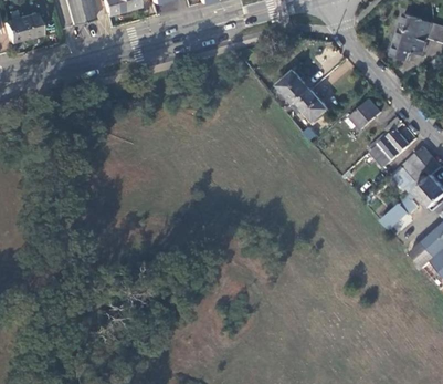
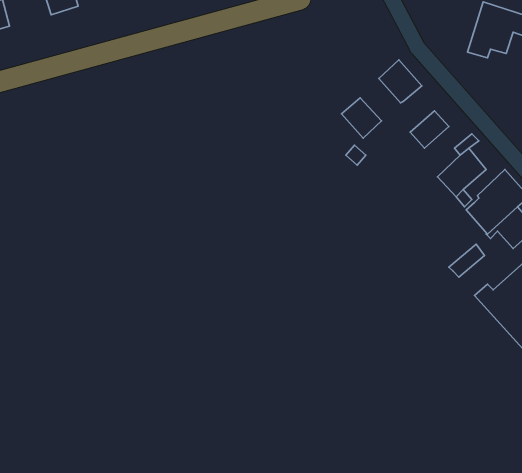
building: [281,70,314,103] -> [379,60,422,103]

